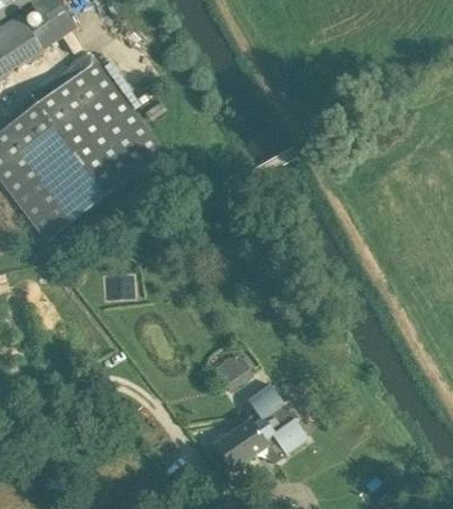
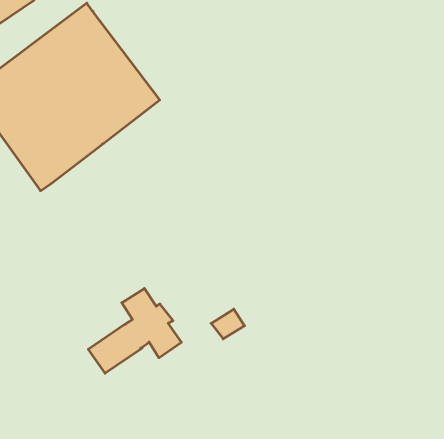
building: [215,385,308,470] -> [88,288,181,373]

